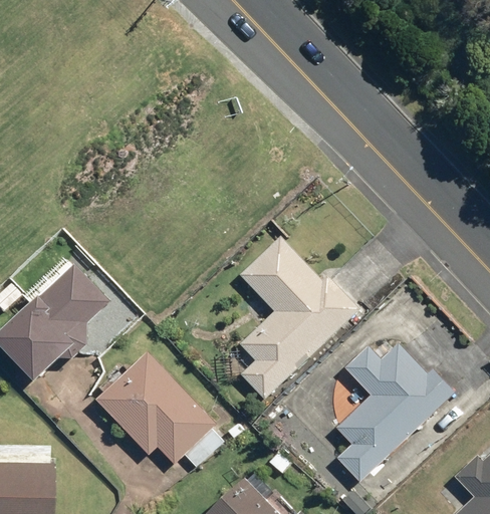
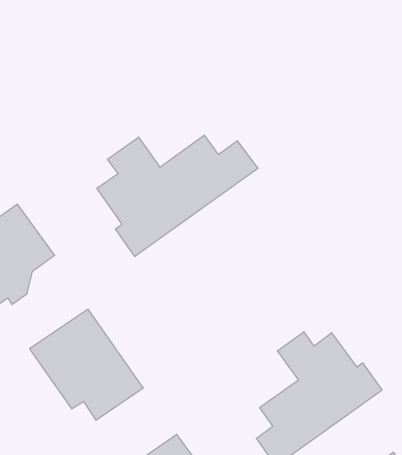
building: none -> [97,135,258,257]
building: [239,237,359,401] -> none

